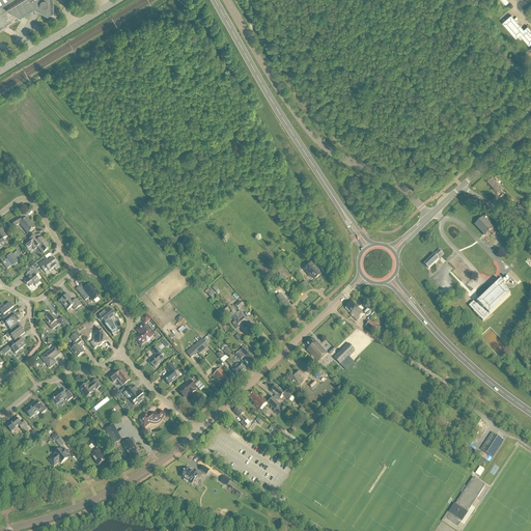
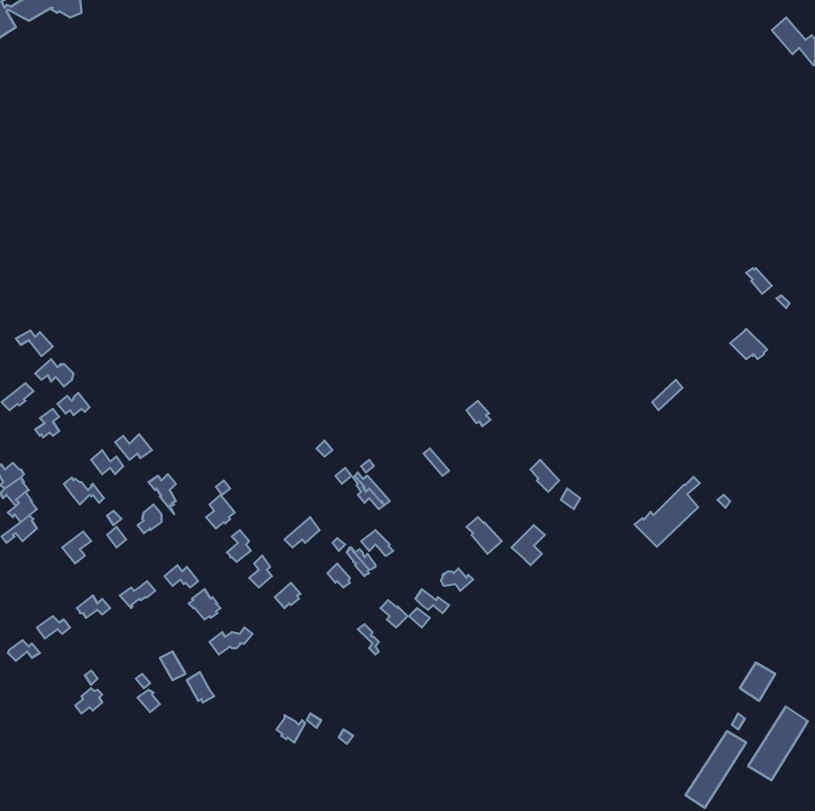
building: [468,273,510,318] -> [634,477,700,547]
building: none -> [748,706,808,780]

